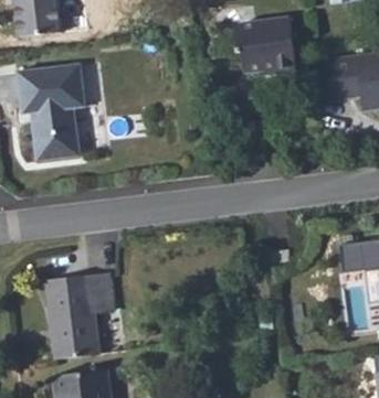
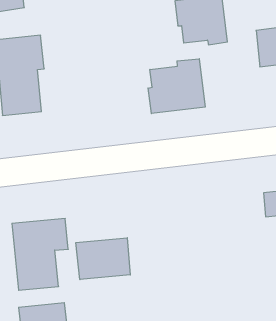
building: none -> [148,59,205,114]
building: none -> [76,238,130,280]

